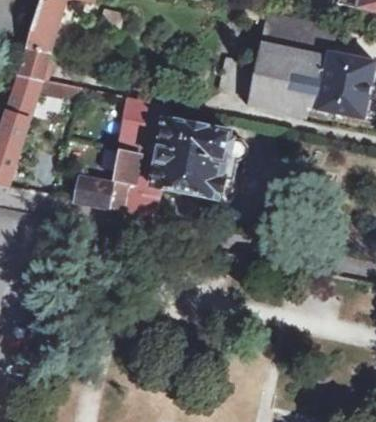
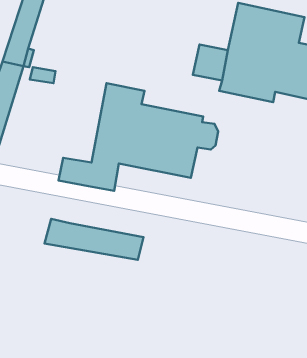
building: none -> [45,219,143,260]

